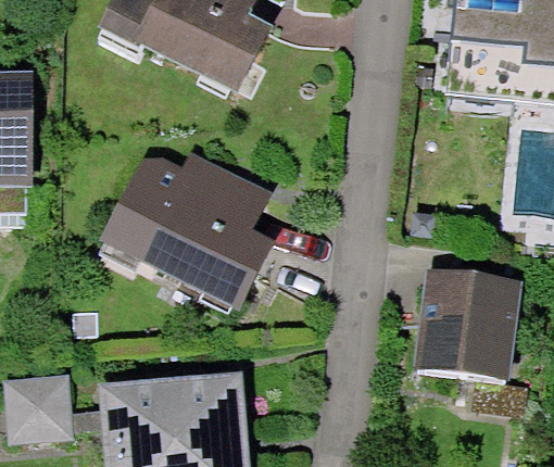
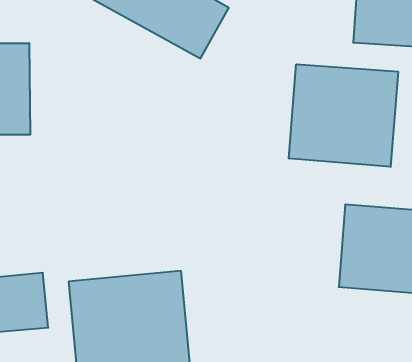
building: none -> [289,64,398,167]
building: [88,138,282,315] -> none

